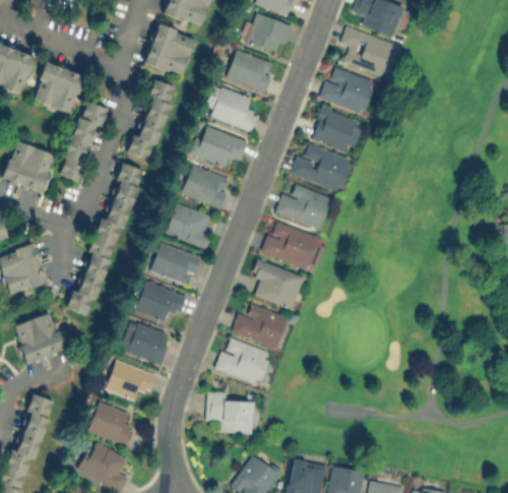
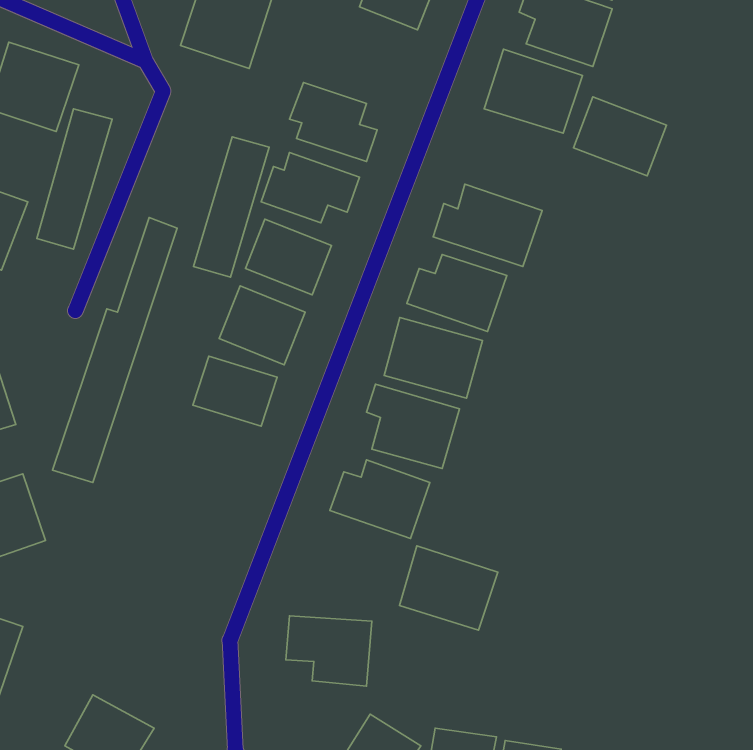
building: [226,50,275,93] -> none
building: [131,80,175,162] -> [194,137,269,277]
building: [309,107,363,152] -> [574,97,667,176]
building: [135,281,186,321] -> none
building: [120,320,171,365] -> none
building: [214,336,271,385] -> [399,546,498,630]
building: [105,360,155,400] -> none
building: [87,403,135,447] -> none

